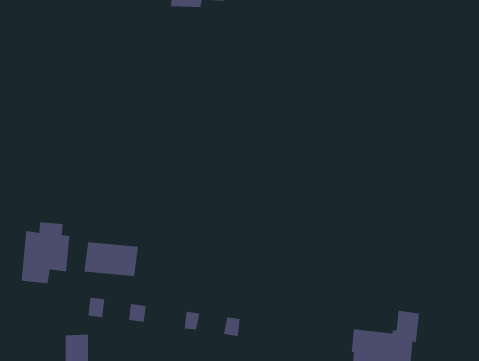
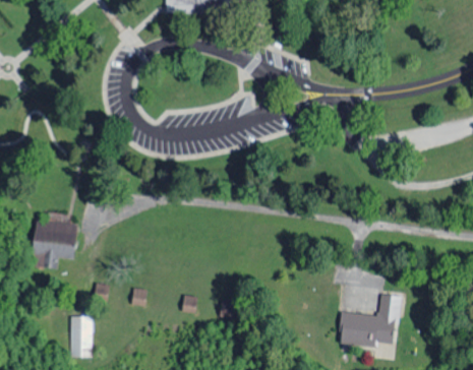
building: [84,242,139,277] -> none

